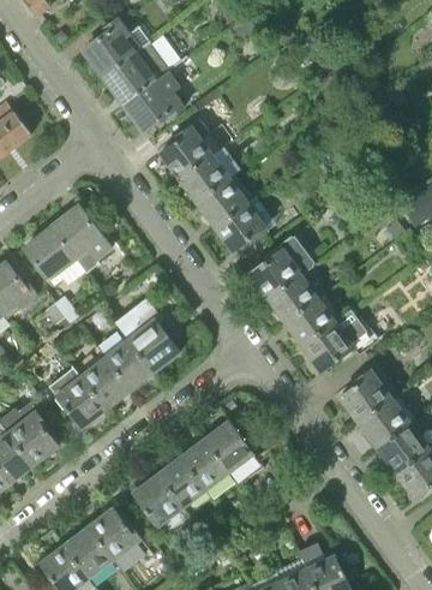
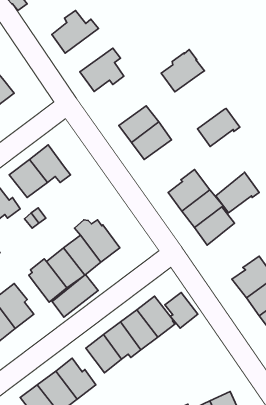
building: [103,42,170,103] -> none
building: [160,119,221,179] -> [161,49,204,92]
building: [215,198,275,252] -> [197,108,240,147]
building: [304,315,365,373] -> [216,172,259,213]
building: none -> [52,274,98,317]
building: none -> [165,293,198,328]

